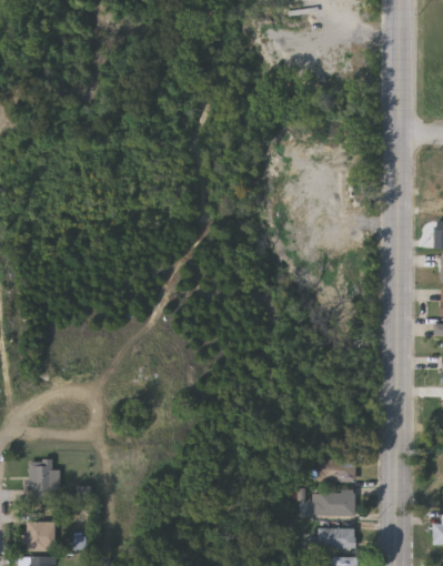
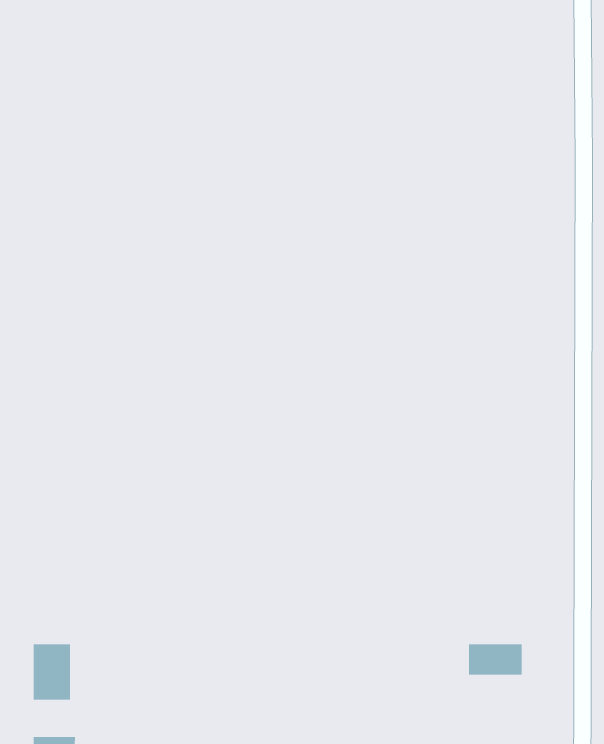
building: [318,491,355,515] -> none

